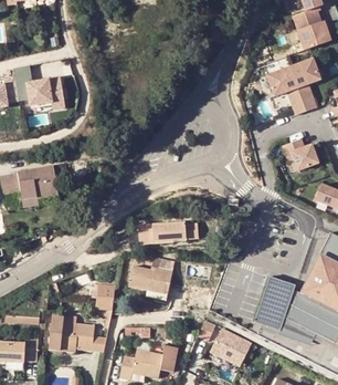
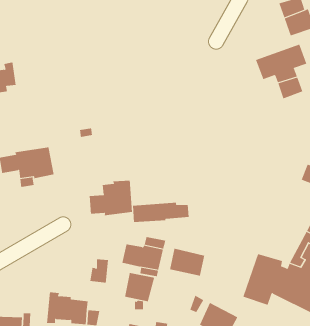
building: [13,64,66,108] -> none
building: [282,139,318,170] -> none
building: none -> [89,180,133,216]
building: none -> [170,248,205,276]
building: none -> [124,272,155,302]

